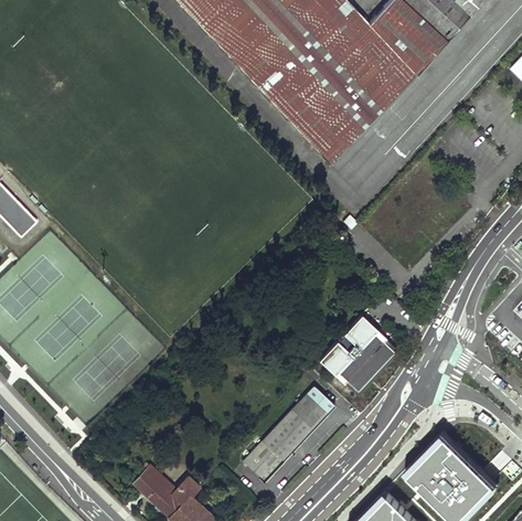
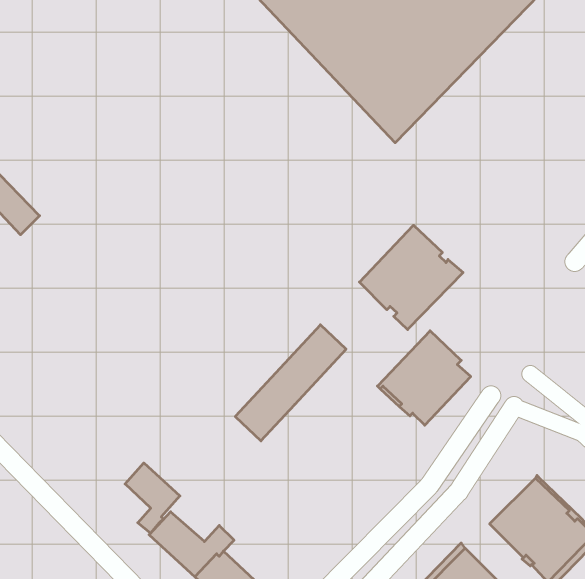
building: none -> [359,225,463,330]
building: [243,386,333,481] -> [235,325,346,441]
building: none -> [125,463,180,533]

